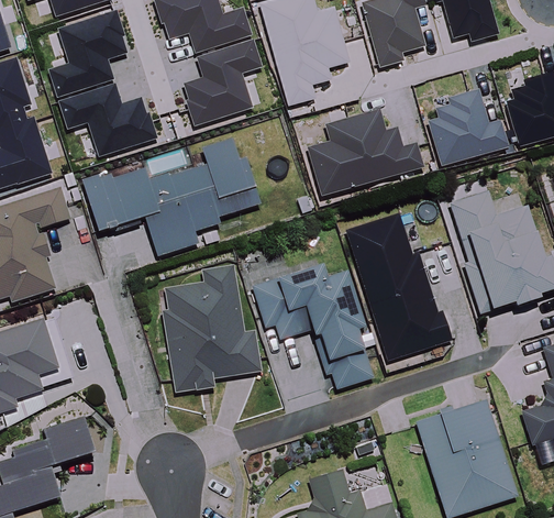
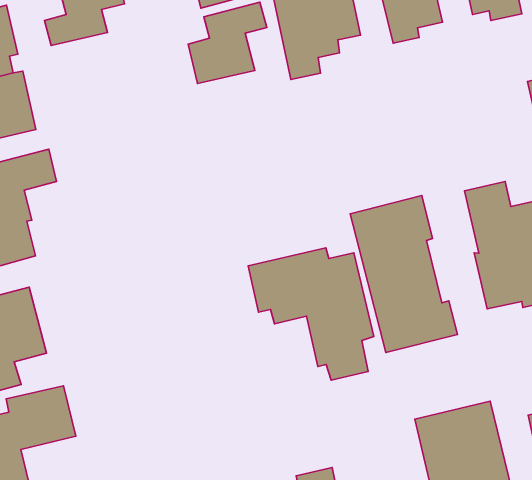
building: [59,84,152,151] -> none
building: [426,86,507,163] -> none
building: [306,106,423,195] -> none
building: [84,136,263,256] -> none
building: [164,266,261,393] -> none

